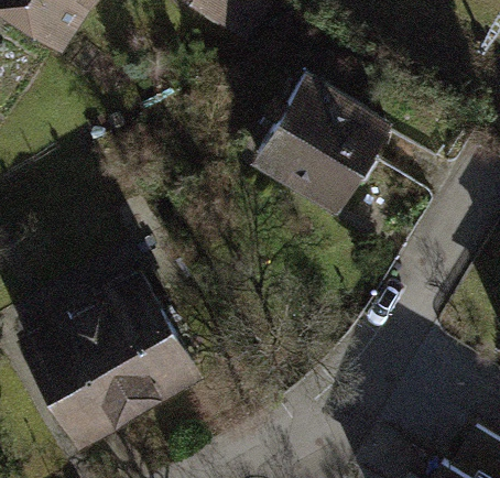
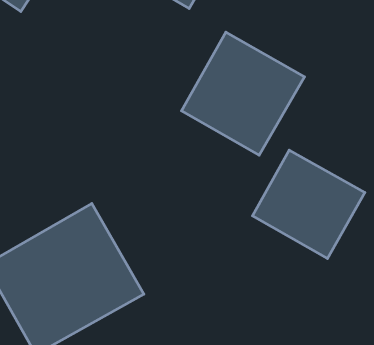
building: none -> [252,150,365,258]

